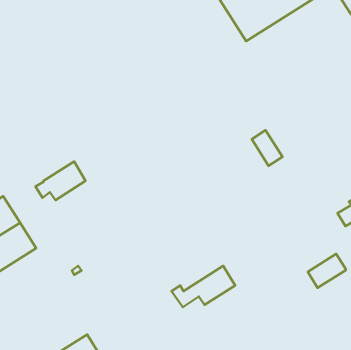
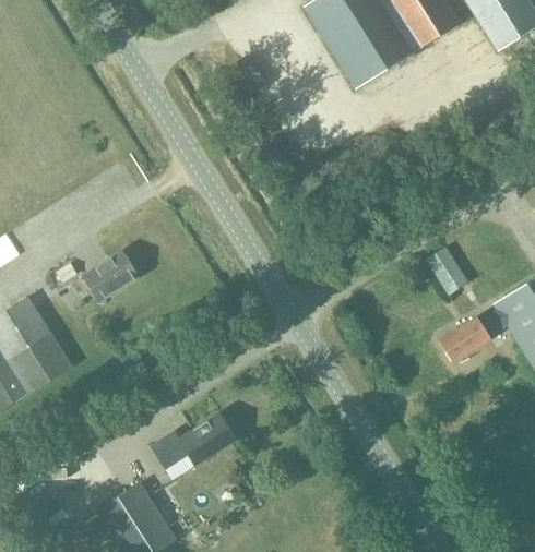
building: [252,130,282,166] -> [427,245,468,293]
building: [308,254,346,288] -> [439,315,490,361]
building: [171,266,235,307] -> [151,412,237,468]

